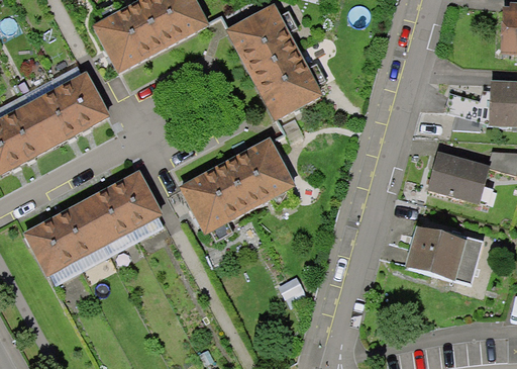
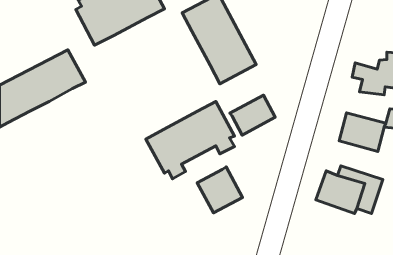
building: none -> [230,95,275,135]
building: [25,173,161,275] -> none
building: none -> [197,167,242,213]

